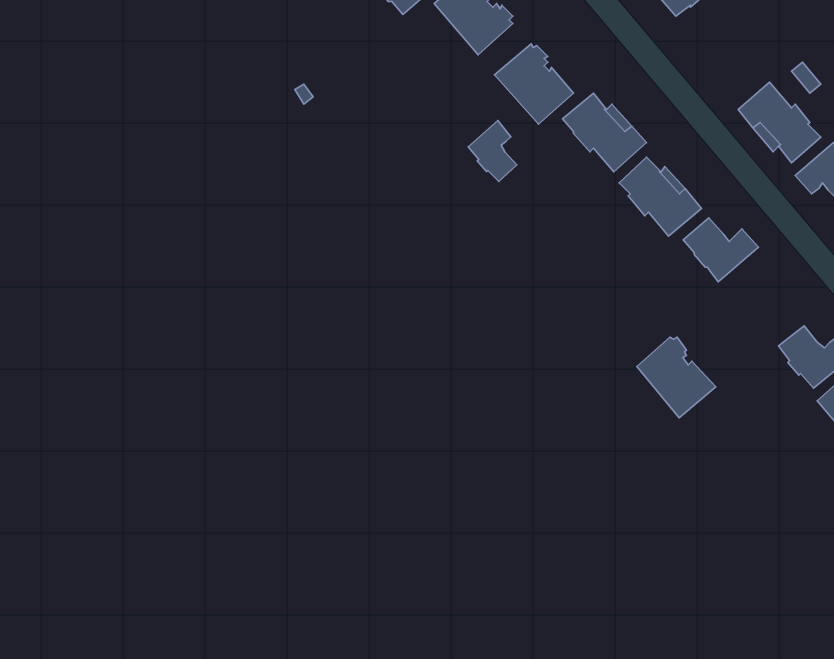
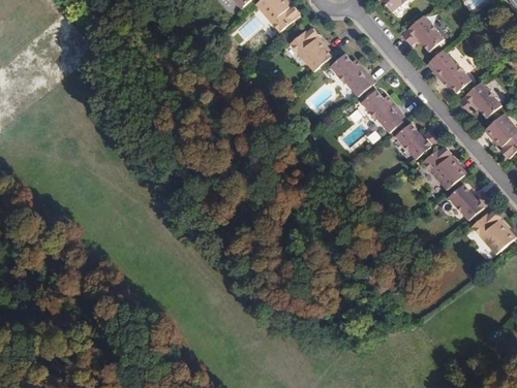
building: none -> [402,14,444,51]
building: [468,121,517,182] -> none
building: [637,337,716,418] -> [423,146,467,191]

